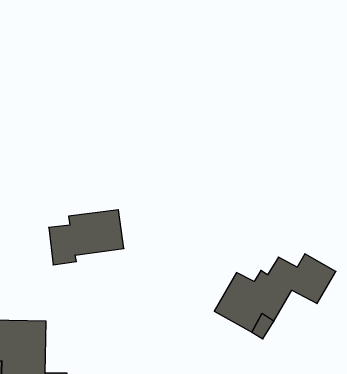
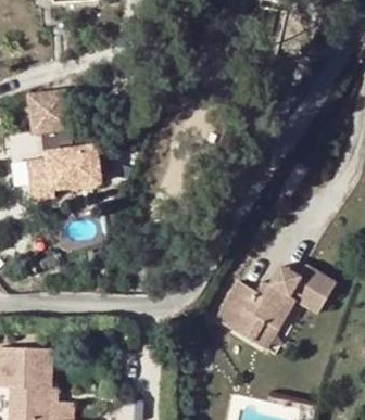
building: none -> [29,92,71,135]
building: [49,210,124,265] -> [27,147,101,201]

